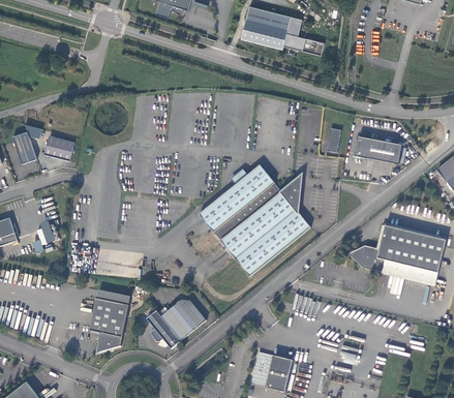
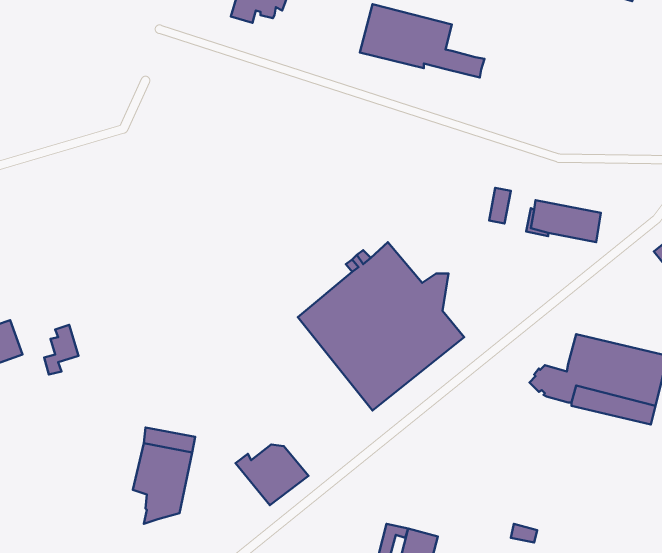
building: [11,132,36,165] -> none
building: [42,136,72,161] -> none
building: [146,309,181,348] -> none

